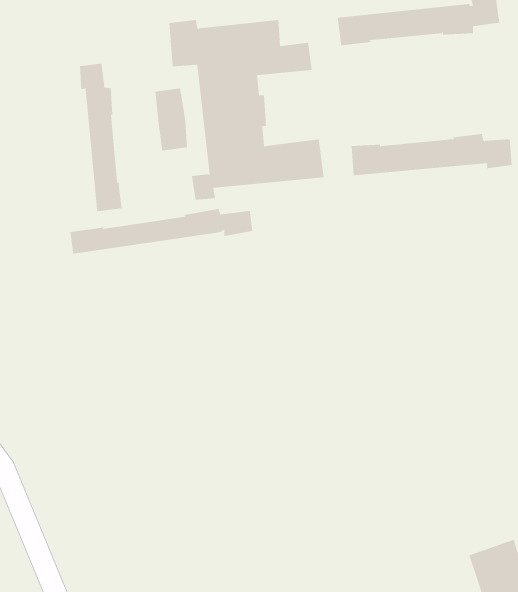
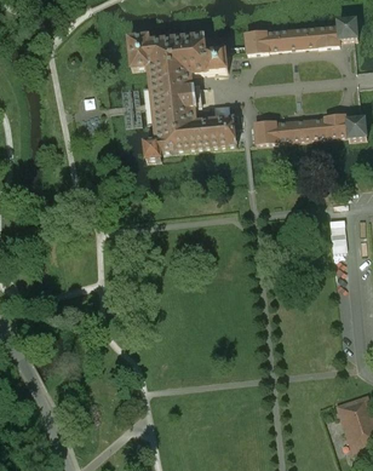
building: [79,63,122,212] -> none
building: [70,208,253,254] -> none

